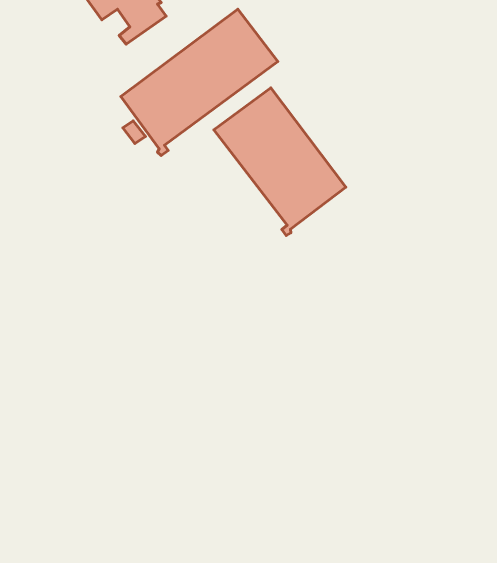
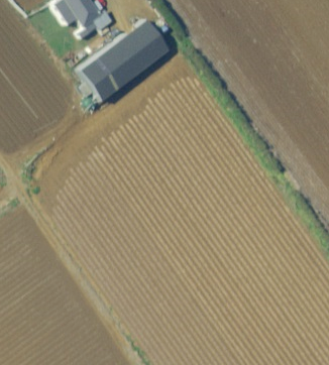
building: [214,88,346,235] -> none

